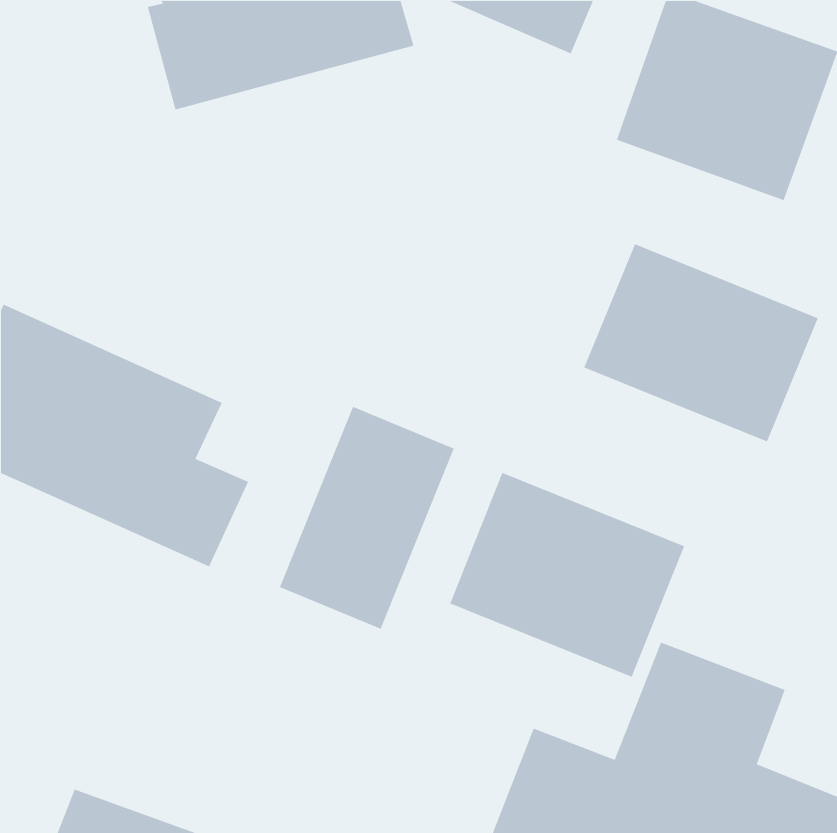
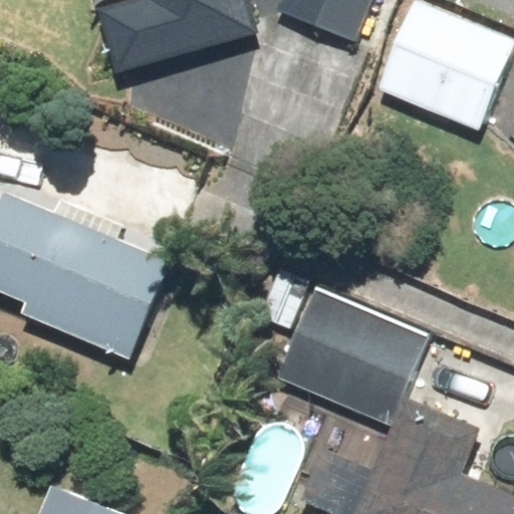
building: [583,243,819,443] -> none
building: [279,406,455,630] -> none

